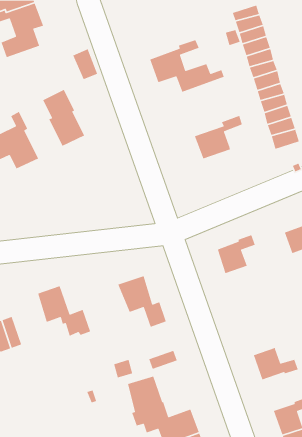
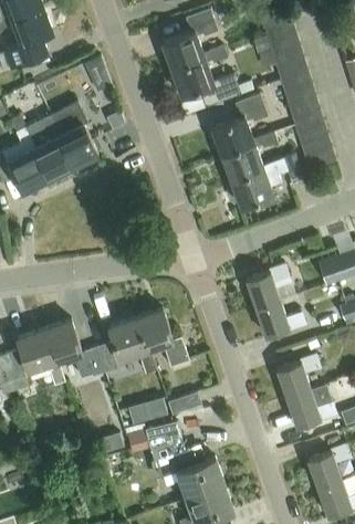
building: none -> [160,9,216,70]
building: none -> [209,95,264,155]
building: none -> [25,115,73,180]
building: none -> [229,155,301,208]
building: none -> [253,300,304,337]
building: none -> [96,319,157,375]
building: none -> [17,329,65,386]
building: none -> [275,354,319,398]

